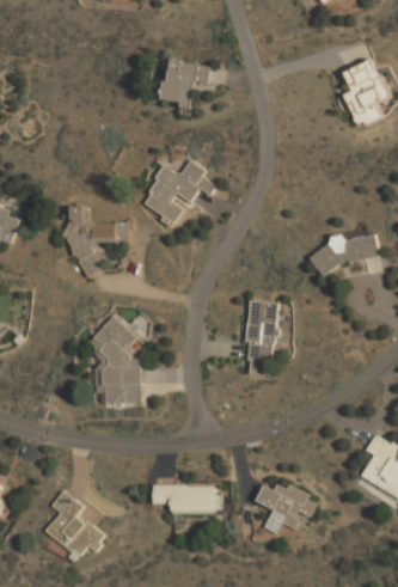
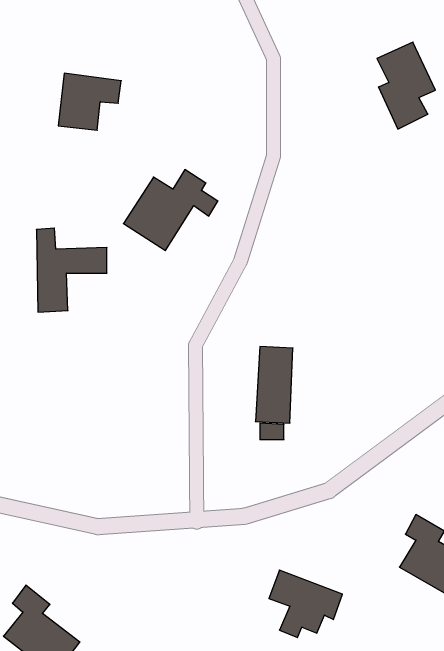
building: [160,59,210,104] -> [58,73,121,130]
building: [311,234,378,268] -> none
building: [97,323,139,404] -> none
building: [153,484,218,513] -> none

